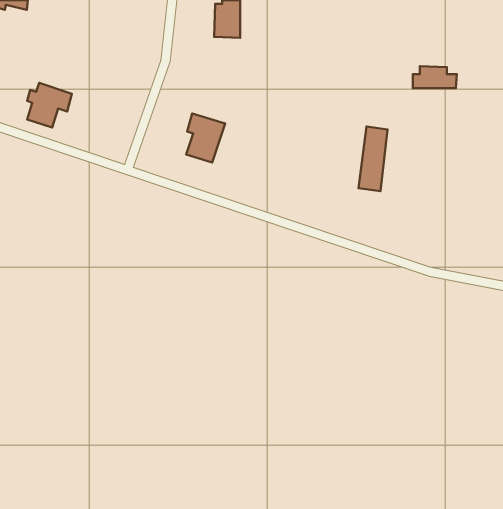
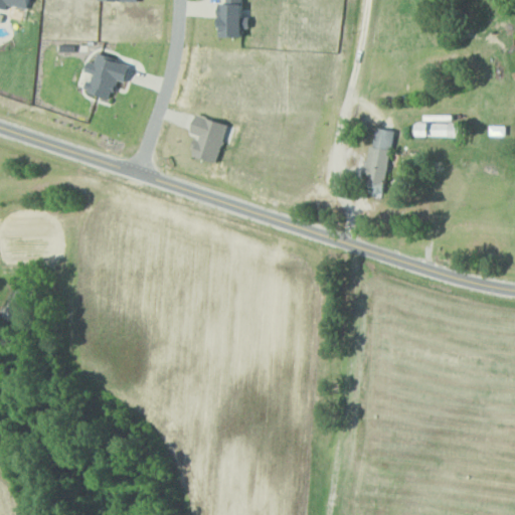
building: [413,66,457,88] -> [413,115,458,137]
building: [27,83,72,128] -> [84,54,130,100]

